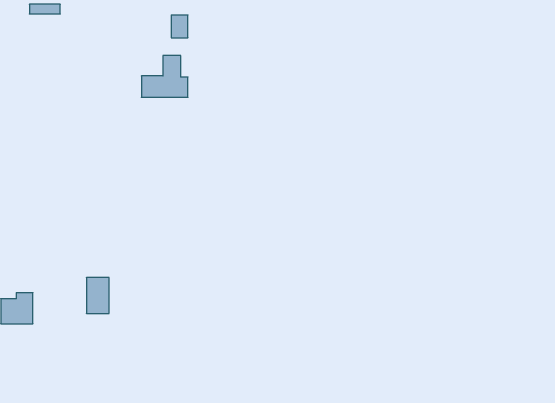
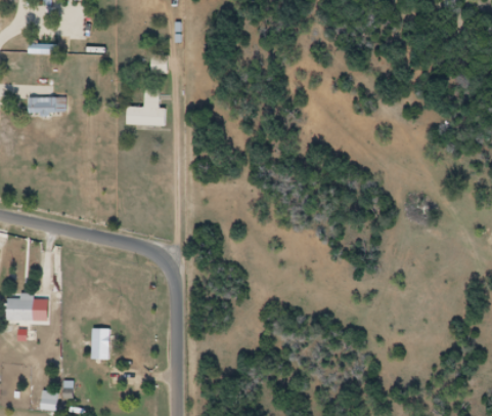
building: none -> [29,97,65,114]
building: [86,278,109,313] -> [90,328,109,359]

